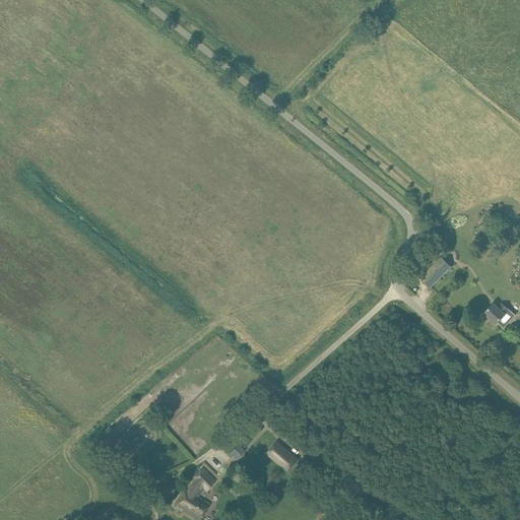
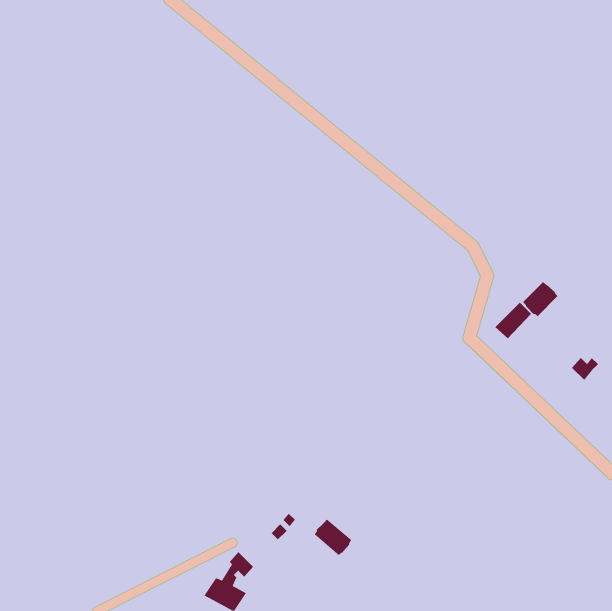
building: none -> [522,281,558,317]

